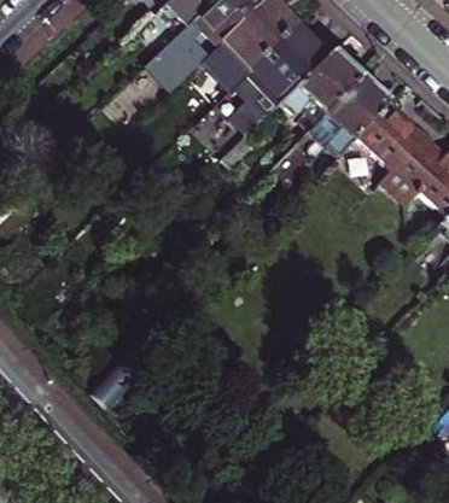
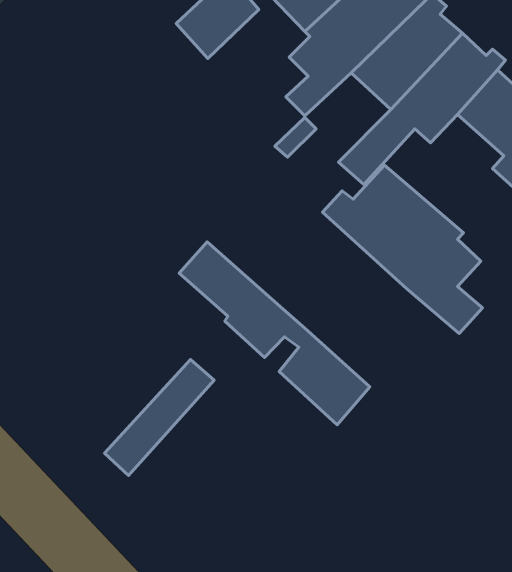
building: none -> [323,165,483,333]
building: none -> [179,242,370,425]

